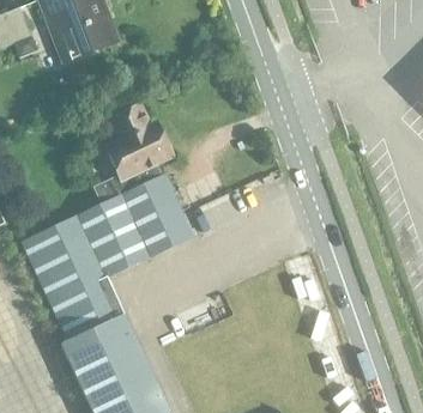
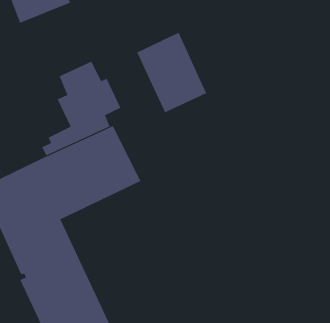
building: none -> [136,32,207,113]

